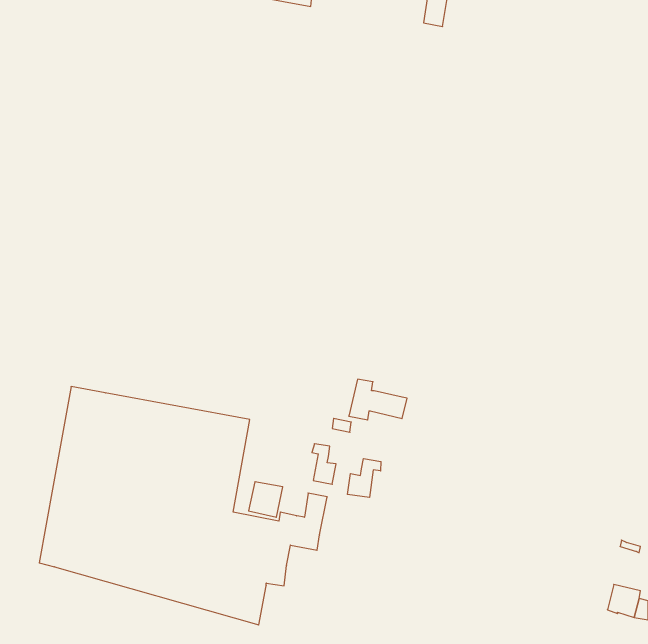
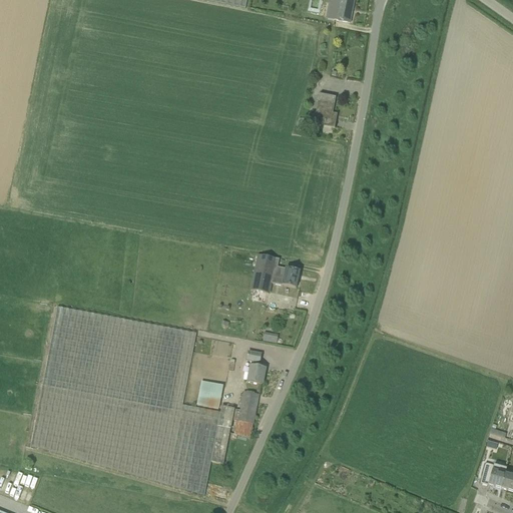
building: none -> [315,92,336,127]
building: [349,379,407,420] -> [253,255,300,288]
building: [347,459,381,497] -> none

